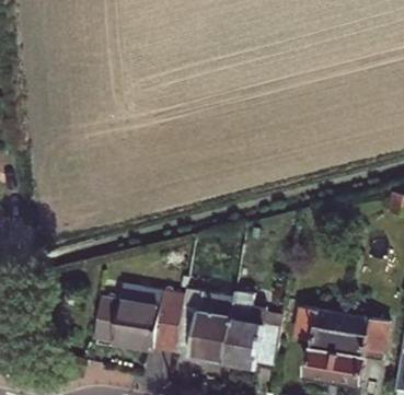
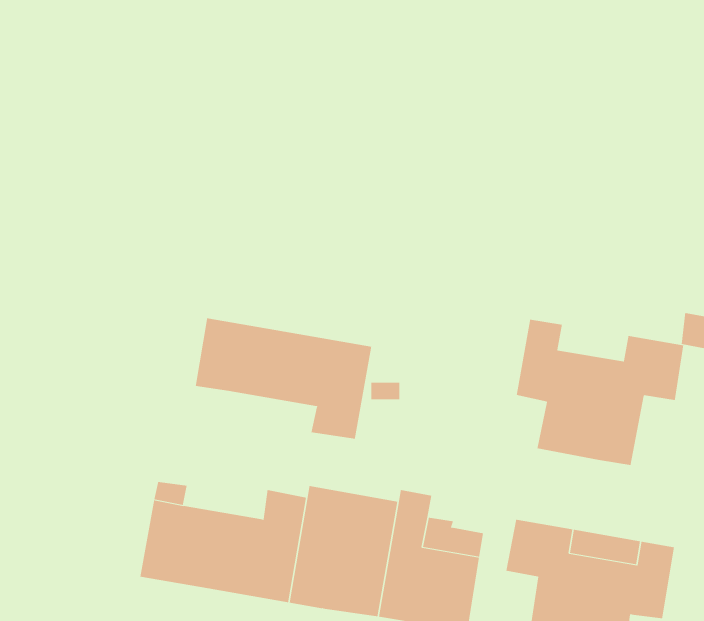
building: none -> [195,318,372,440]
building: none -> [516,319,684,466]

